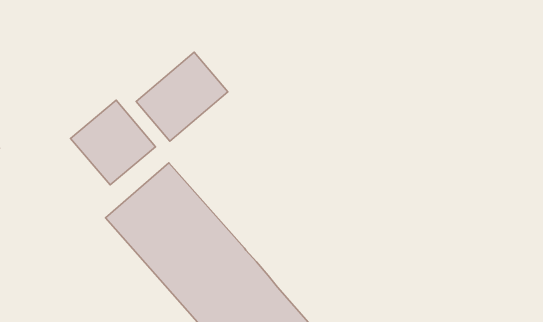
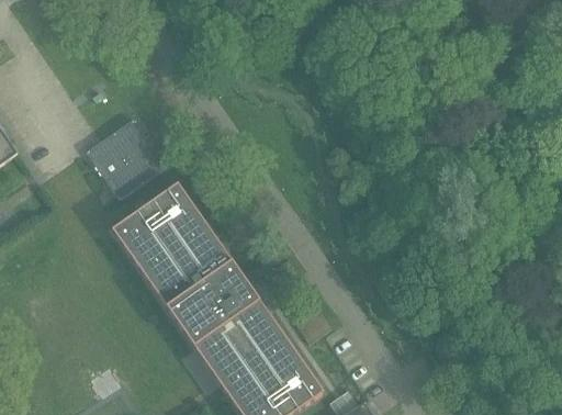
building: [136,52,228,141] -> none

